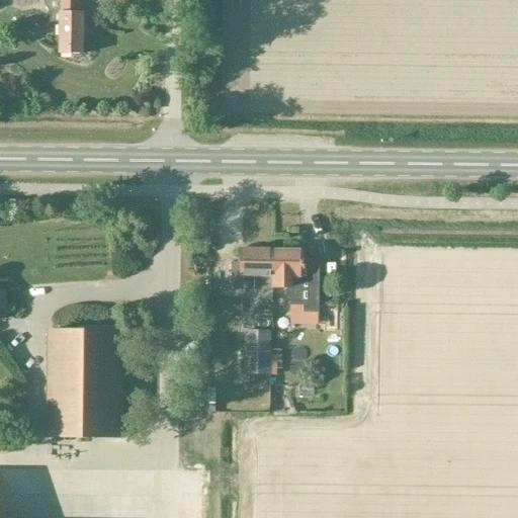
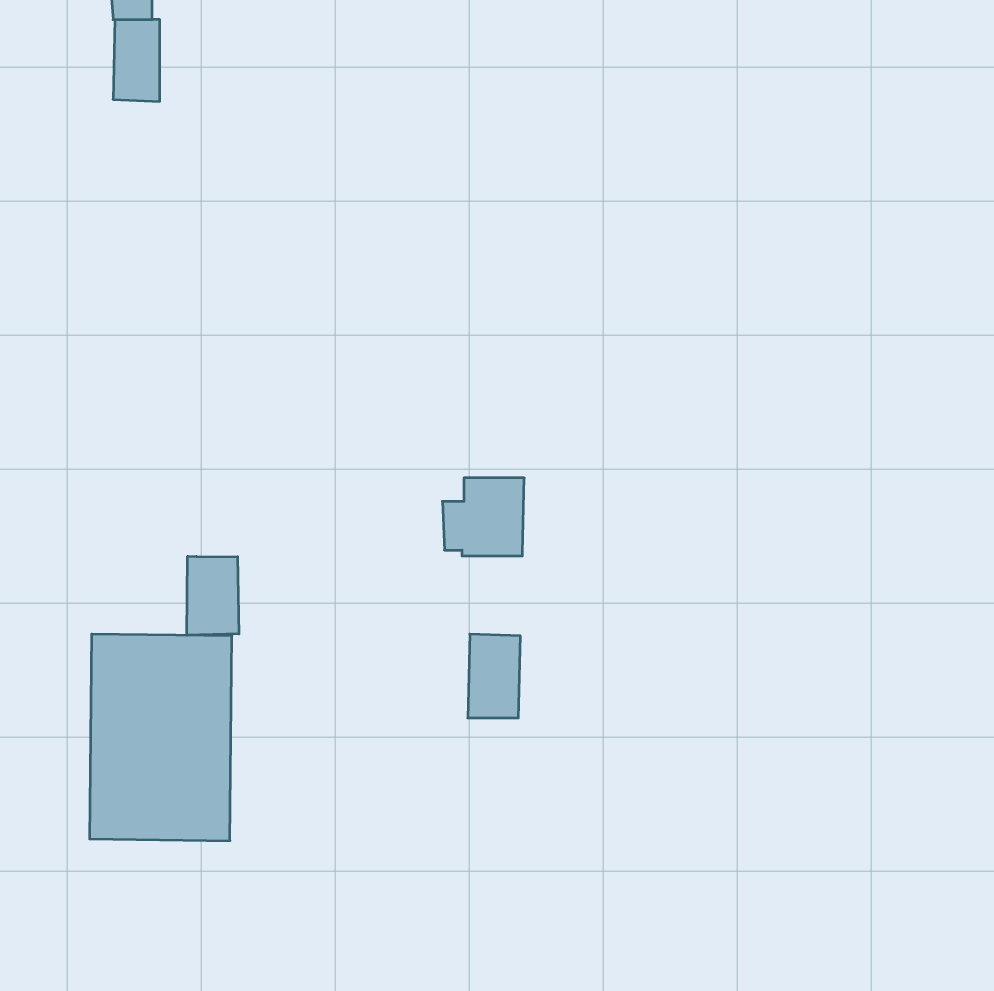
building: [271,248,317,312] -> none
building: none -> [187,556,239,635]

